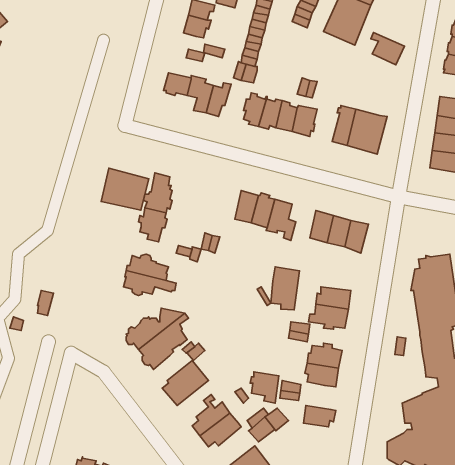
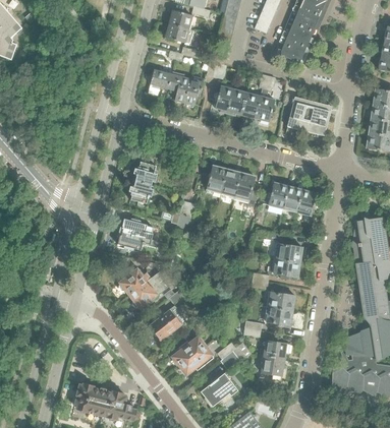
building: [371,32,405,65] -> [278,37,305,63]
building: [101,168,149,210] -> none
building: [271,267,300,310] -> none
building: [250,372,279,403] -> [261,355,284,380]

